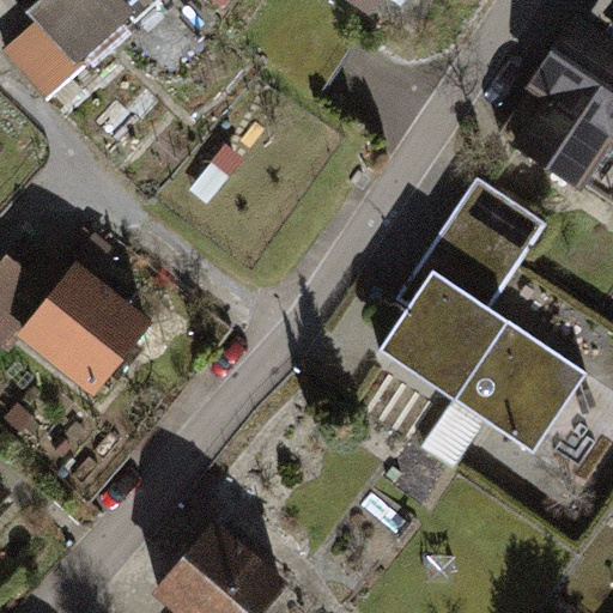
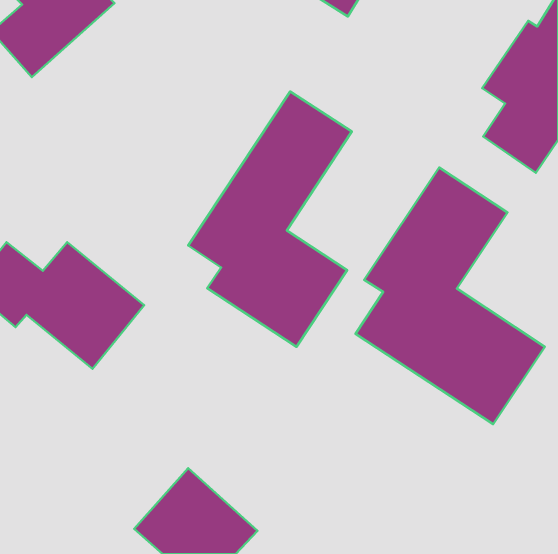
building: none -> [188,92,352,347]

